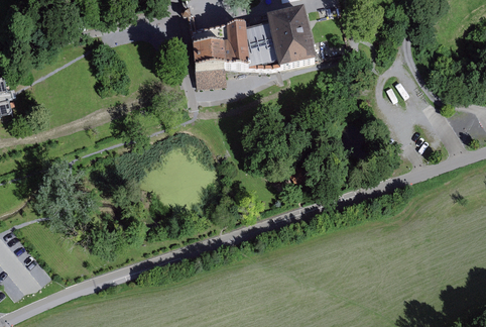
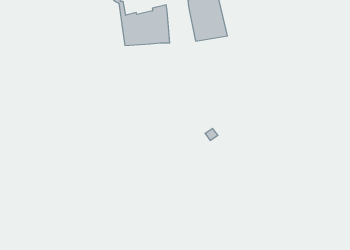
building: [244,22,277,65] -> none
building: [195,66,225,87] -> none

